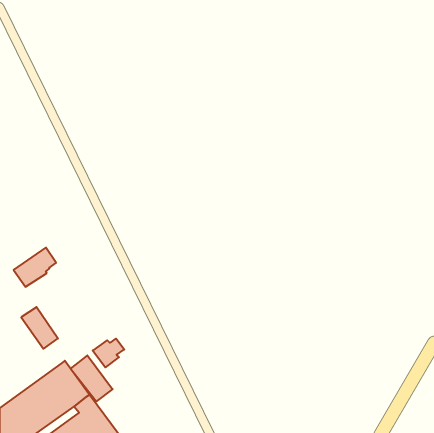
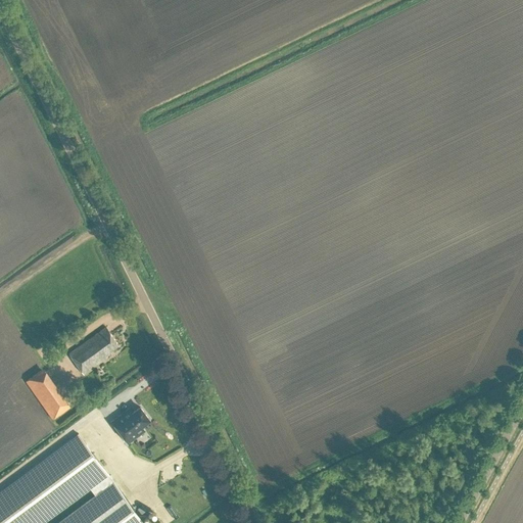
building: [14,248,56,287] -> [67,329,118,376]
building: [71,355,113,401] -> none

